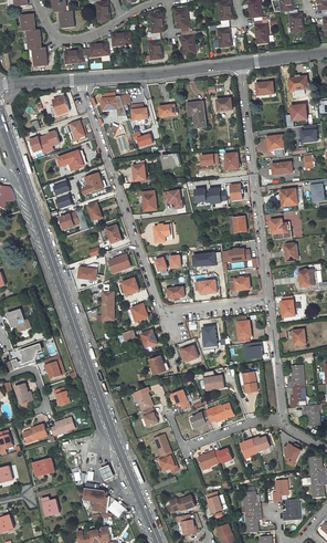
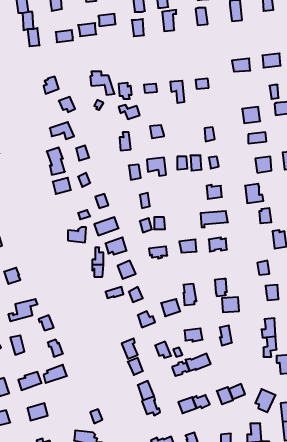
building: [30,129,61,153] -> none

